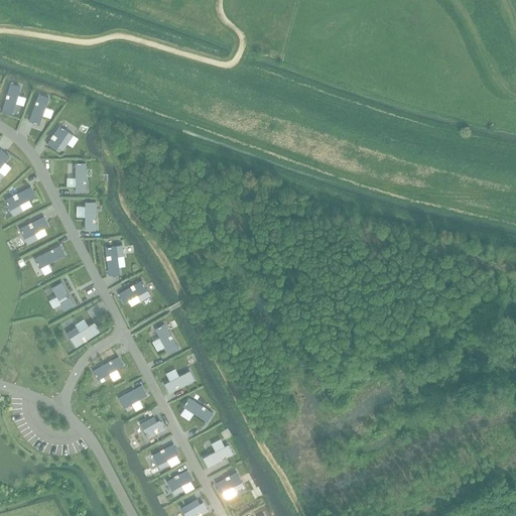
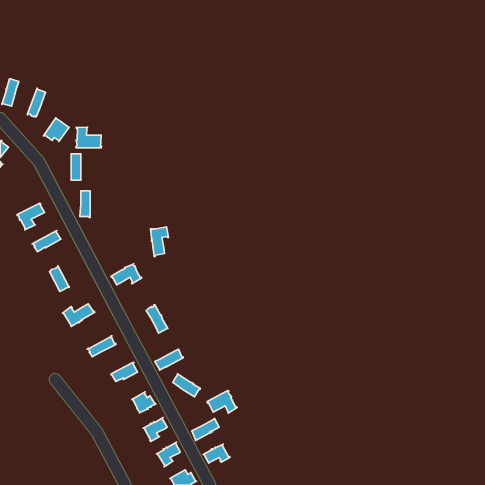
building: none -> [76,127,101,148]
building: [5,186,34,216] -> none
building: [105,245,124,276] -> [150,227,168,256]
building: none -> [207,390,237,413]

